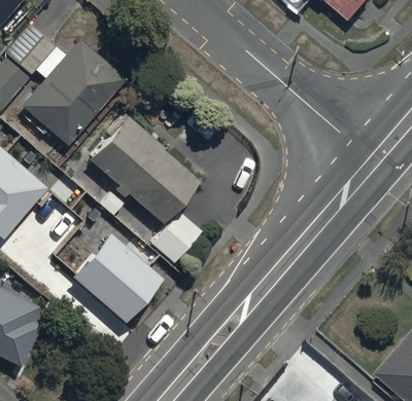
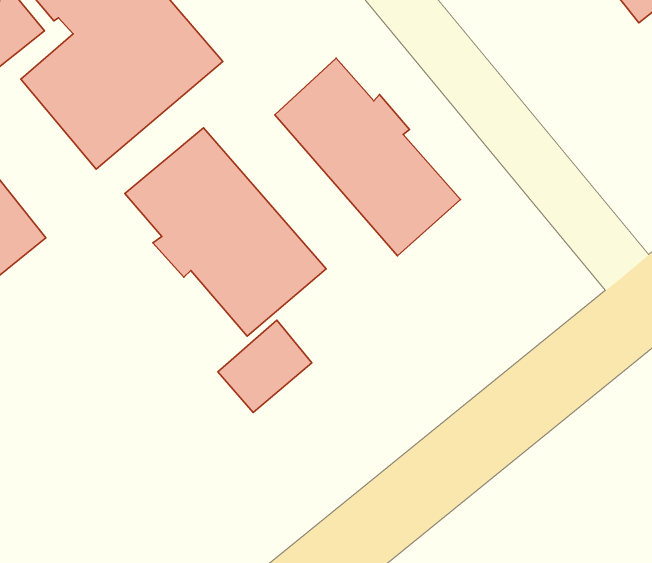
building: none -> [275,58,461,256]
building: [72,234,162,323] -> none

